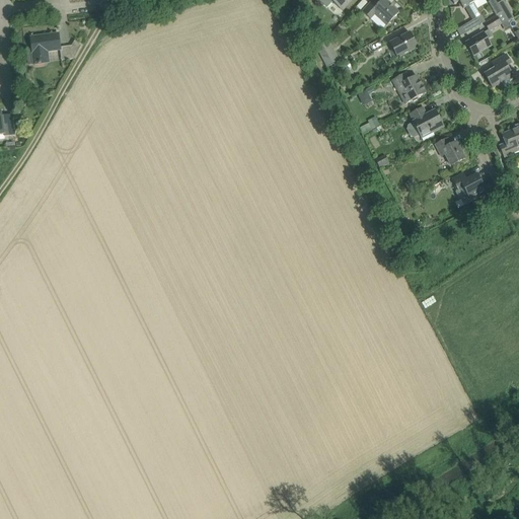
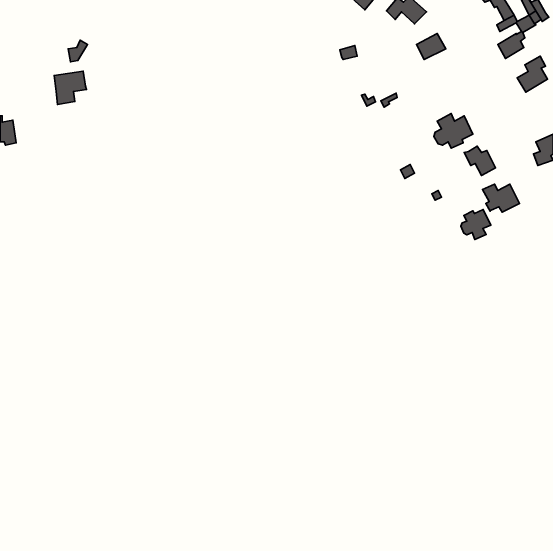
building: [30,31,61,63] -> [54,71,87,105]
building: [392,74,426,102] -> none
building: none -> [461,209,491,239]

